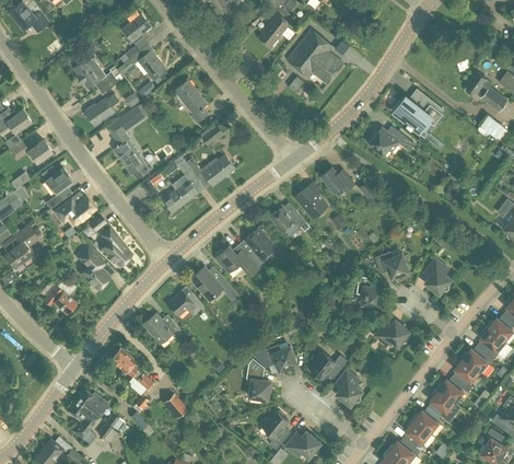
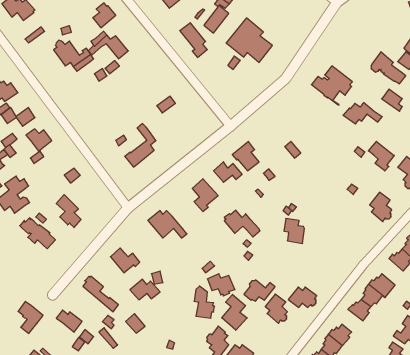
building: [174,80,208,123] -> [180,23,207,57]
building: [83,93,118,125] -> none
building: [105,106,148,178] -> none
building: [366,126,414,152] -> [343,103,382,124]
building: [191,154,234,185] -> none
building: [319,166,354,192] -> none
building: none -> [368,141,394,171]
building: [54,196,92,223] -> none
building: [101,227,130,264] -> none
building: [214,244,258,277] -> [224,210,260,237]
building: [374,252,408,278] -> none
building: [422,257,449,293] -> [370,192,392,222]
building: [166,290,203,315] -> [130,279,160,300]
building: [373,320,408,345] -> [288,287,317,307]
building: [477,325,505,358] -> none
building: none -> [222,294,247,330]
building: [428,387,460,422] -> none
building: [68,398,98,438] -> [18,301,43,333]

